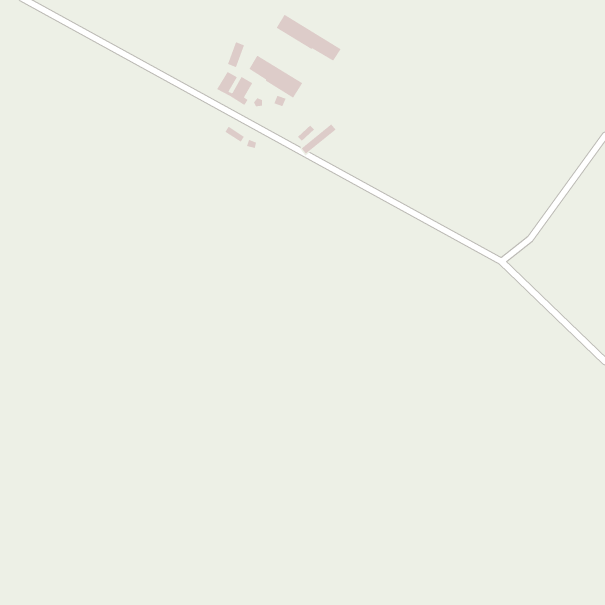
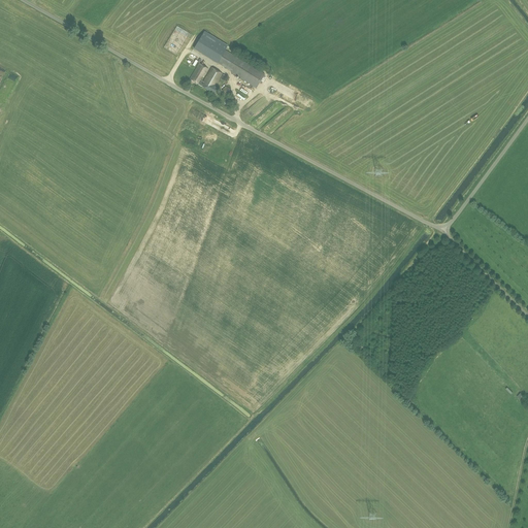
building: [276,14,342,62] -> none

